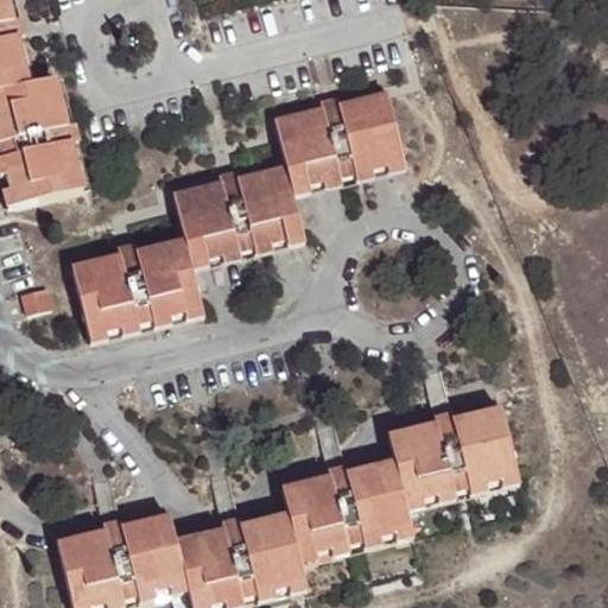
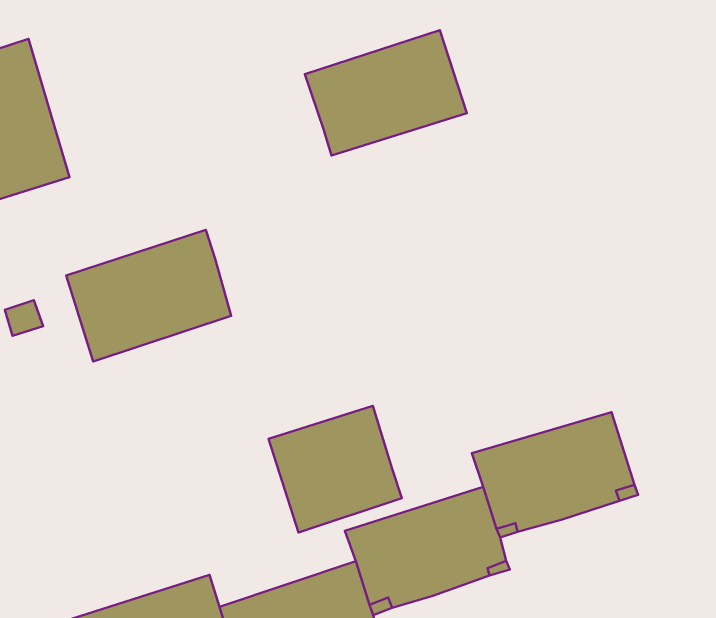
building: [175,165,303,262] -> none
building: none -> [269,406,402,533]

